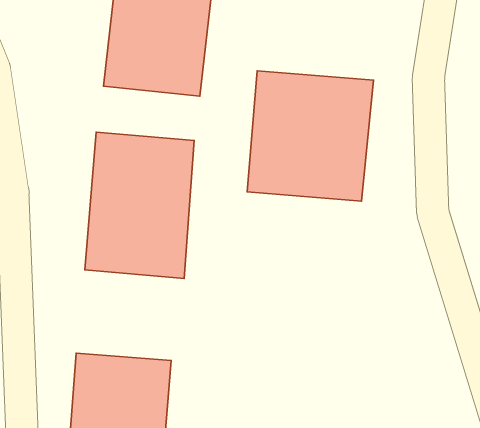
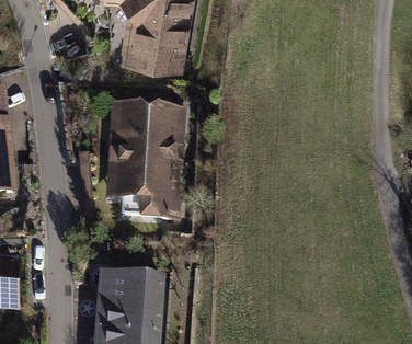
building: [247,71,373,201] -> none

